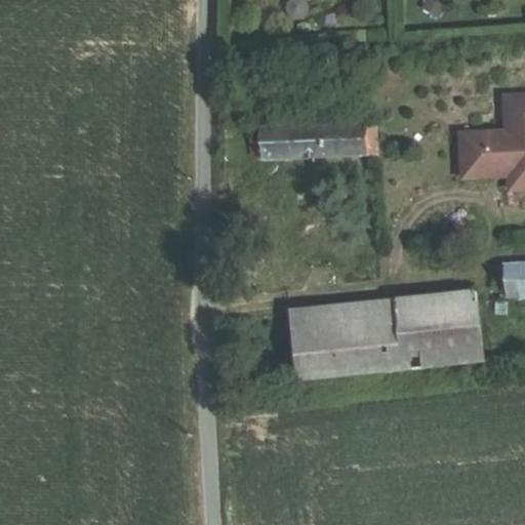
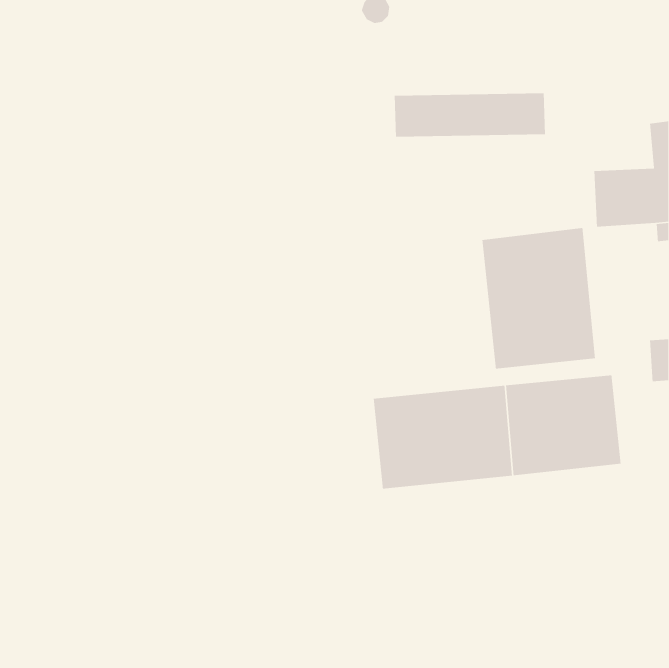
building: [258,123,376,158] -> [394,92,546,137]
building: none -> [481,227,596,369]

